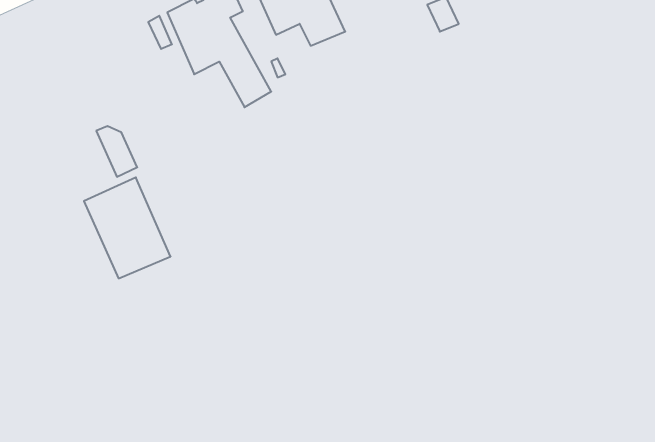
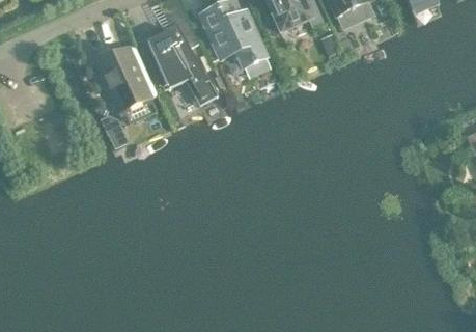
building: [84,177,171,278] -> [95,44,152,110]

